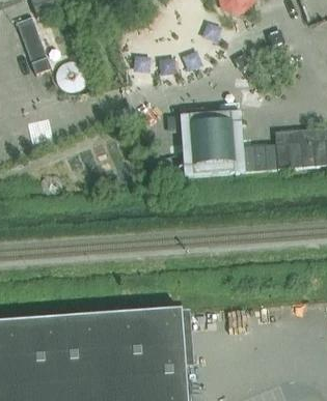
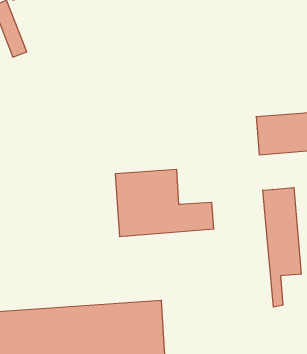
building: [180,111,276,176] -> [115,170,214,236]
building: none -> [263,187,301,307]

